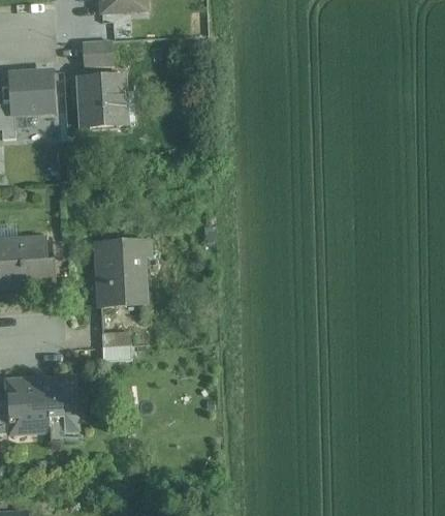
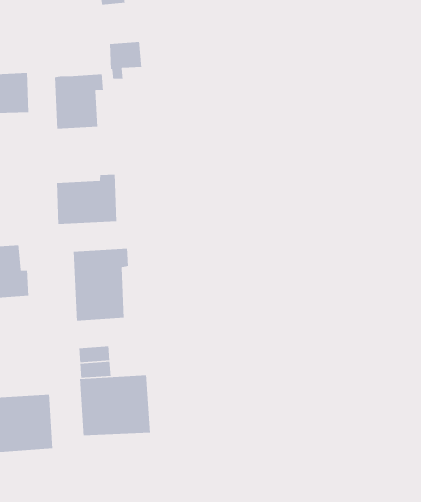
building: [83,40,114,77] -> [109,41,142,80]
building: none -> [56,174,117,225]
building: none -> [79,374,151,436]

